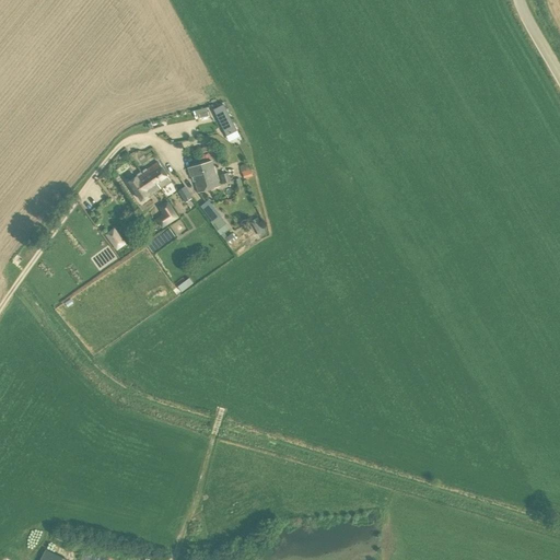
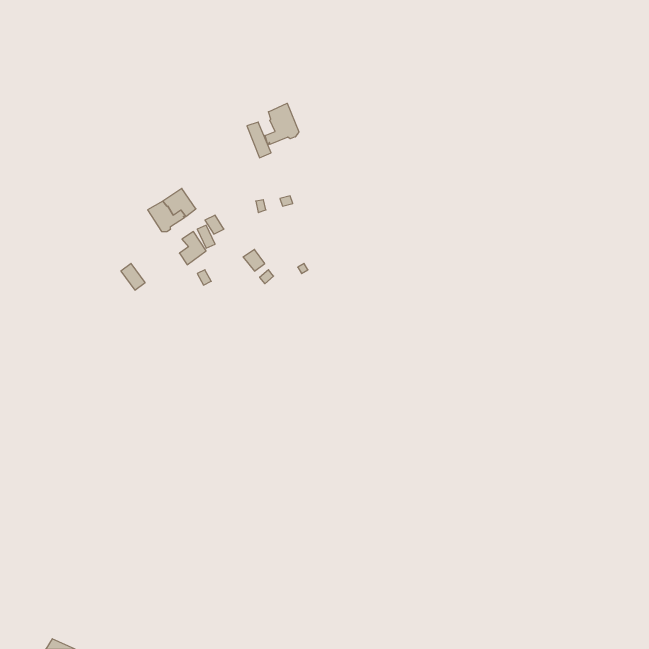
building: none -> [265,103,299,145]
building: [187,160,218,191] -> none

